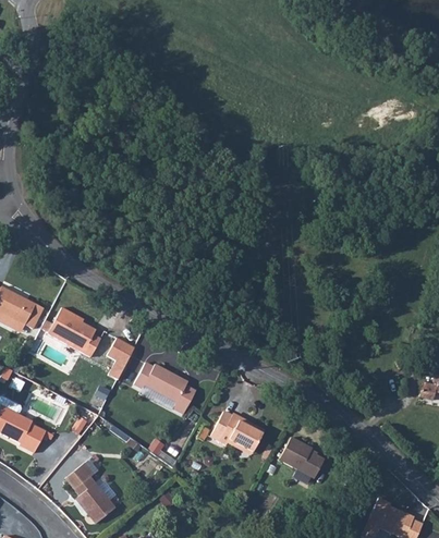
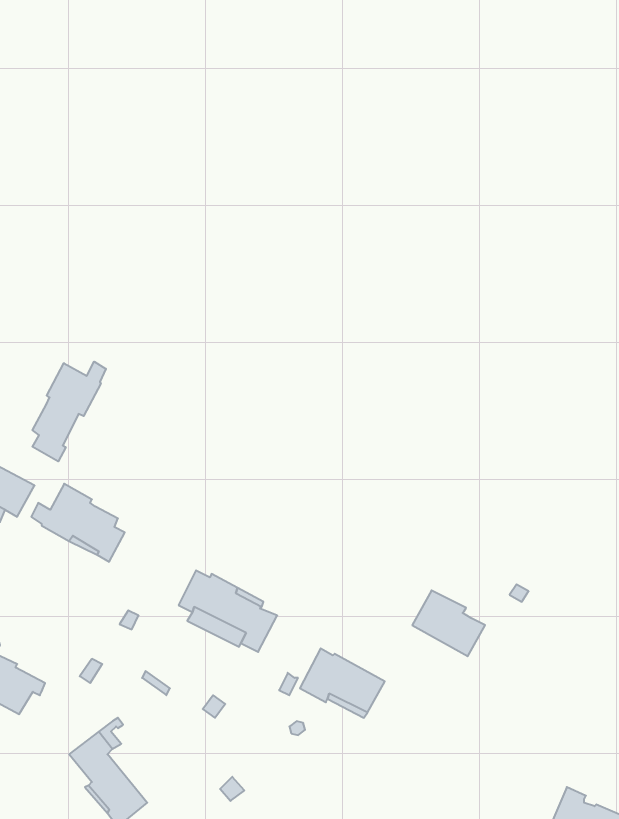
building: none -> [32,362,106,461]
building: [107,338,134,379] -> none
building: [279,437,325,478] -> [412,590,485,656]

